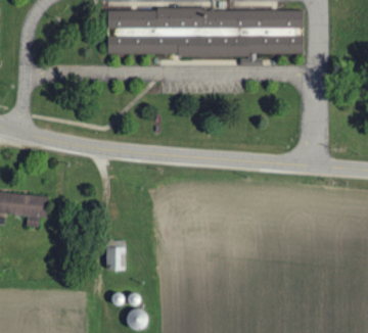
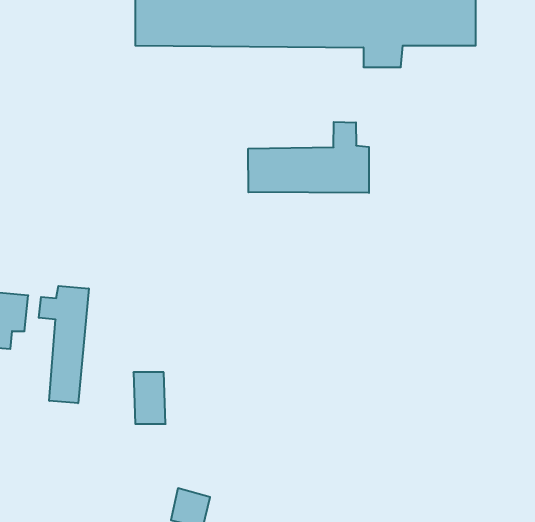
building: none -> [248,122,369,193]
building: none -> [39,286,89,403]

